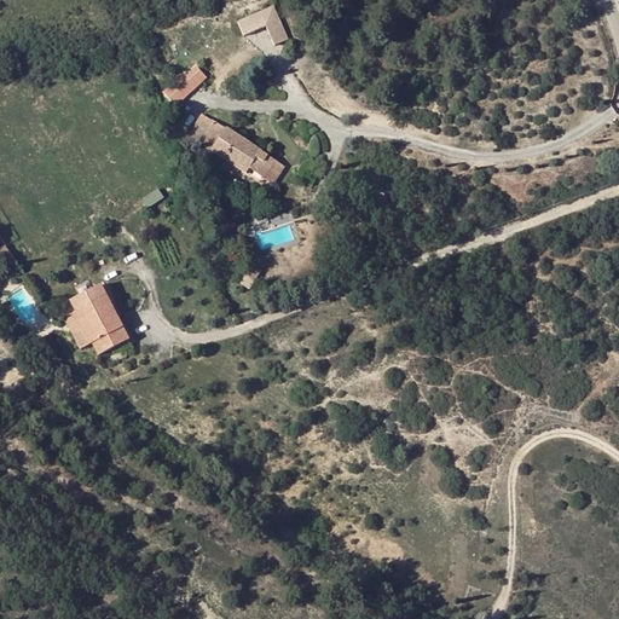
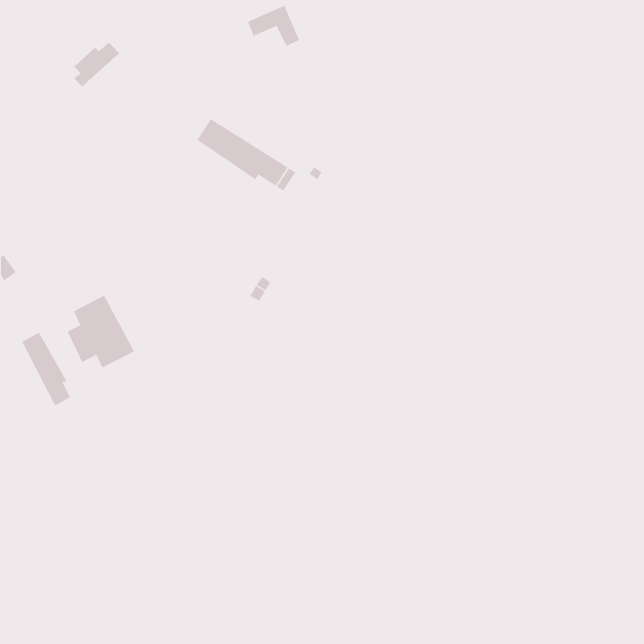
building: [162,65,207,109] -> [73,42,120,87]
building: none -> [21,332,71,406]

